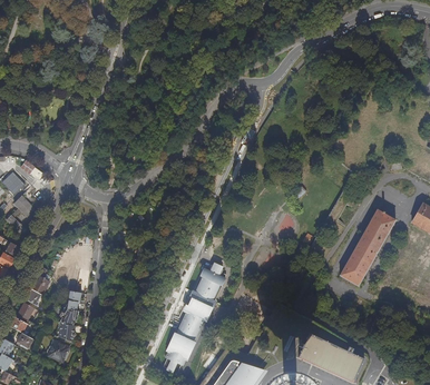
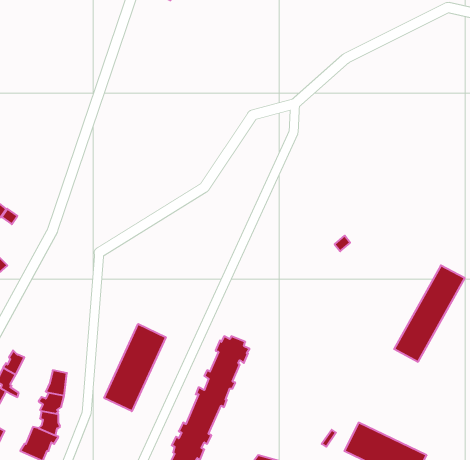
building: none -> [104,324,166,411]

